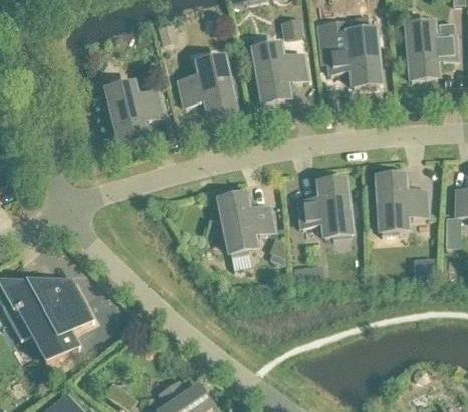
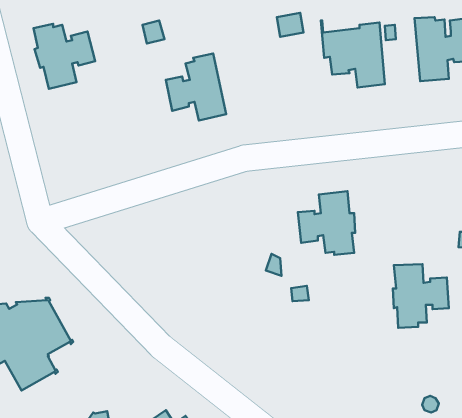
building: [253,42,307,101] -> none
building: [106,81,163,141] -> [33,24,95,89]
building: [376,175,427,233] -> [393,264,449,328]
building: [219,194,274,254] -> none

